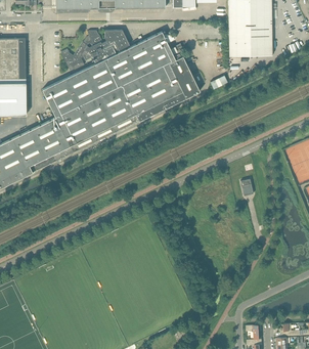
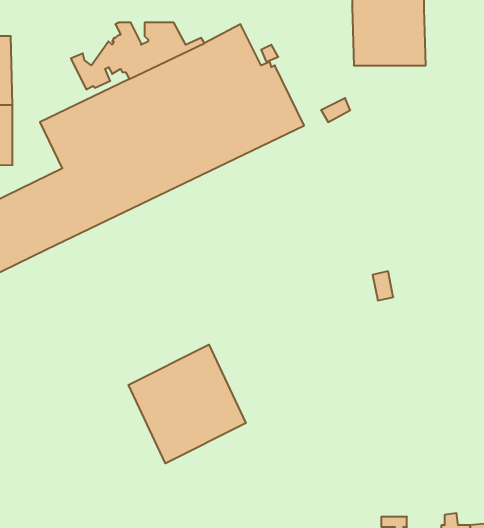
building: none -> [128,345,246,463]

